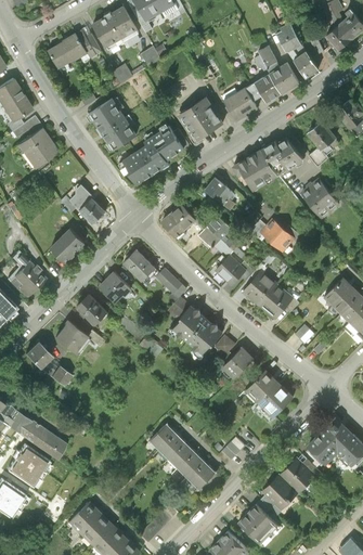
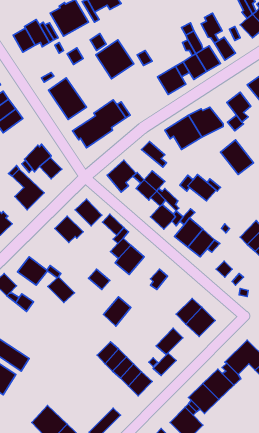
building: [177,95,223,143] -> [96,40,134,79]
building: [76,295,108,326] -> [48,277,75,303]
building: [189,320,222,356] -> [104,297,131,326]
building: [222,346,255,378] -> [156,328,183,355]

